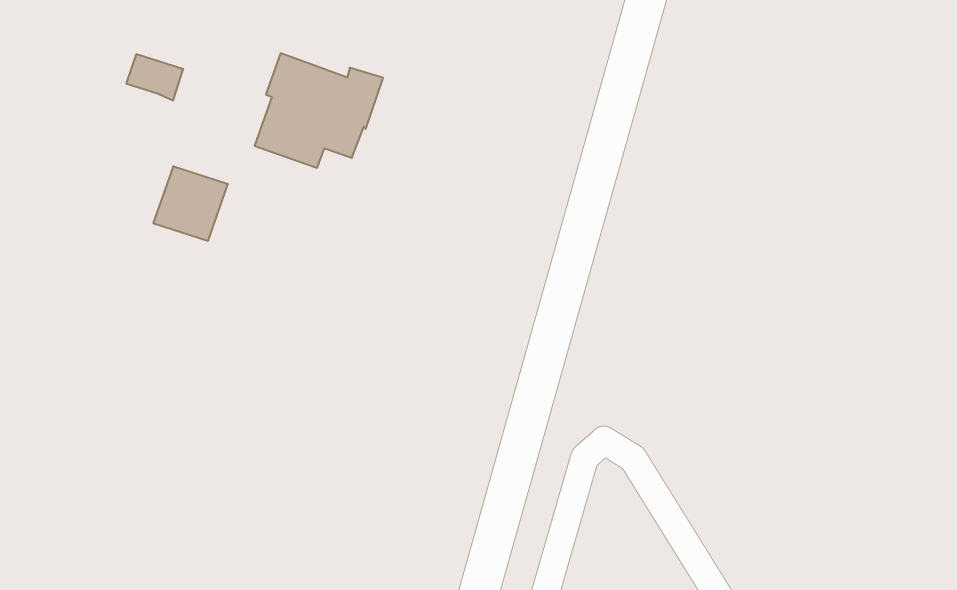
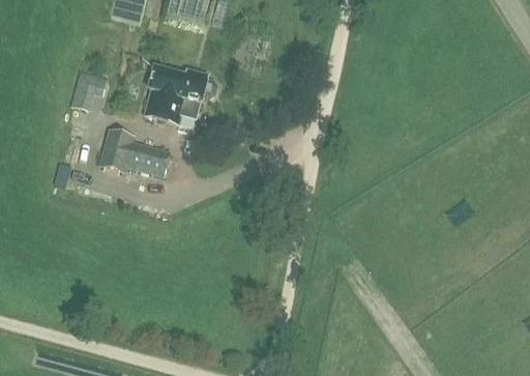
building: none -> [124,139,172,176]

